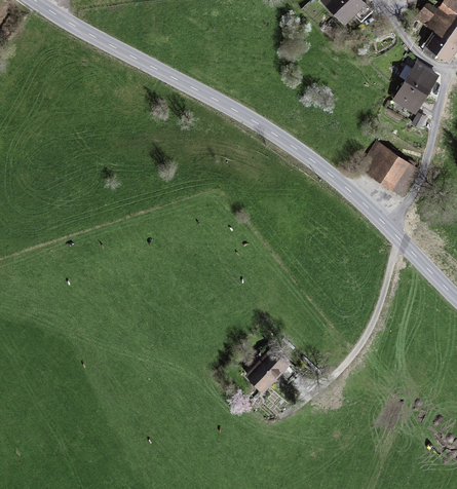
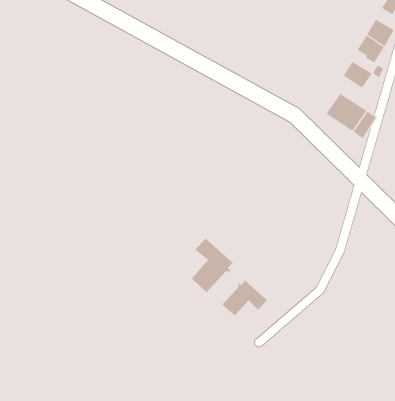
building: none -> [343,61,373,88]
building: none -> [191,238,234,293]

